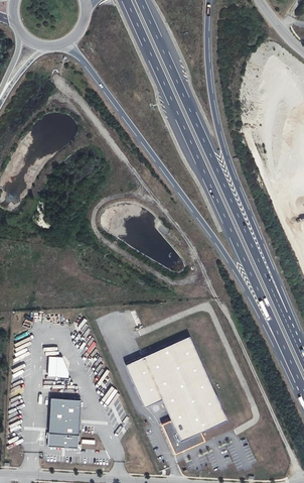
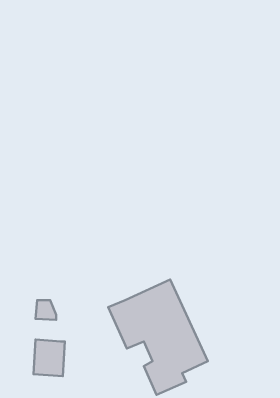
building: [47,432,79,448] -> none

